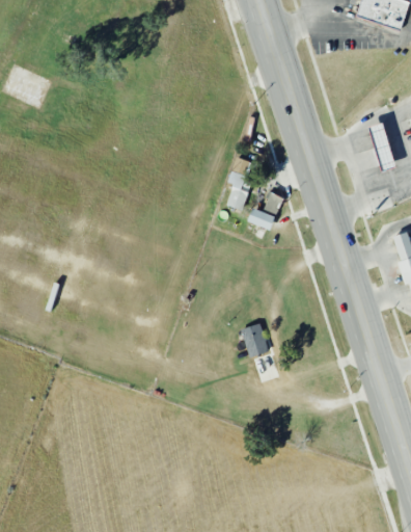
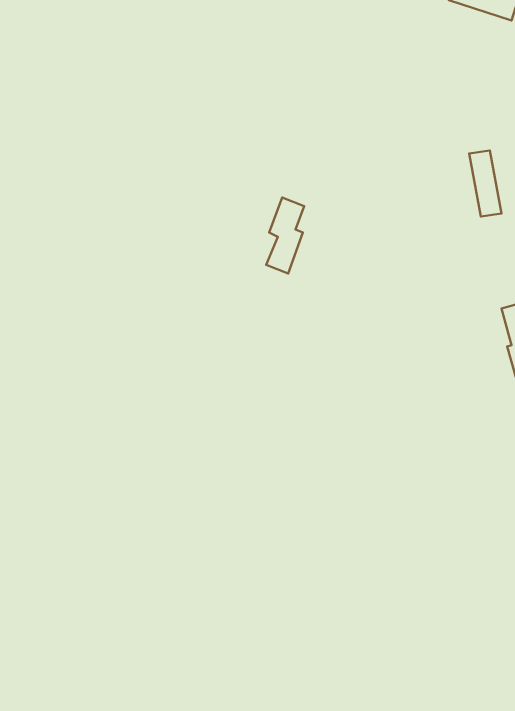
building: [247,191,283,230] -> none
building: [242,322,269,355] -> none

